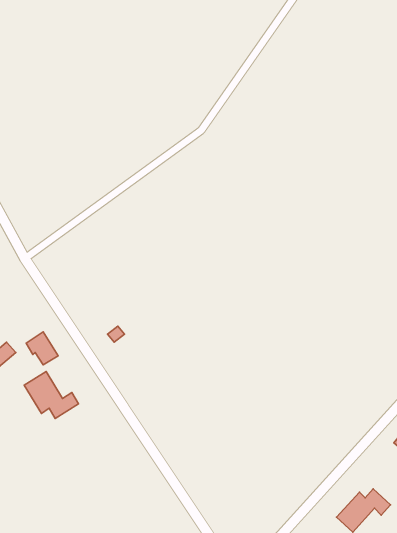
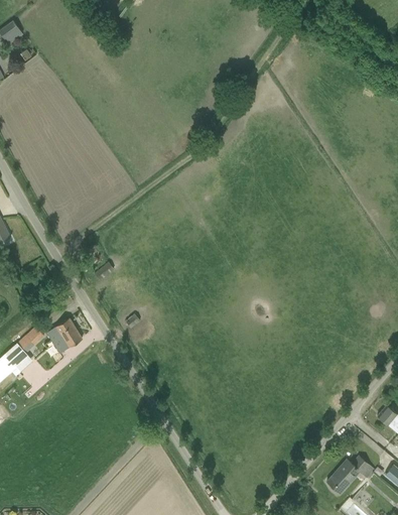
building: [24,372,79,419] -> none

